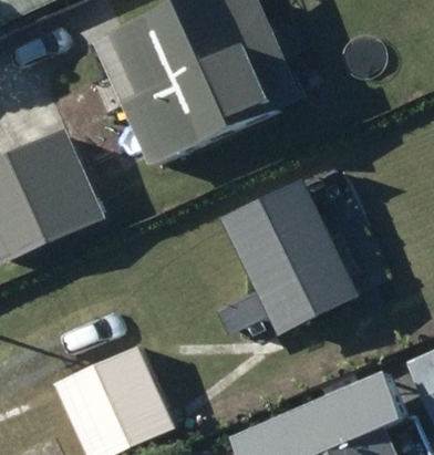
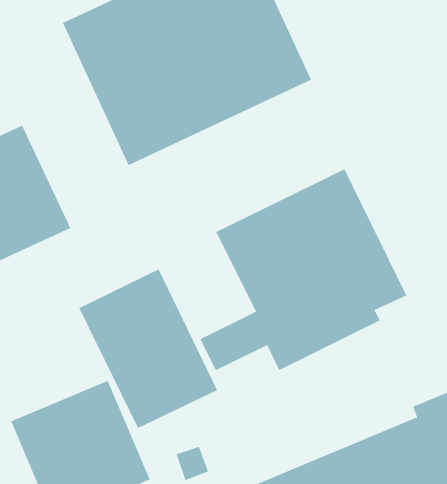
building: none -> [79,268,218,429]

